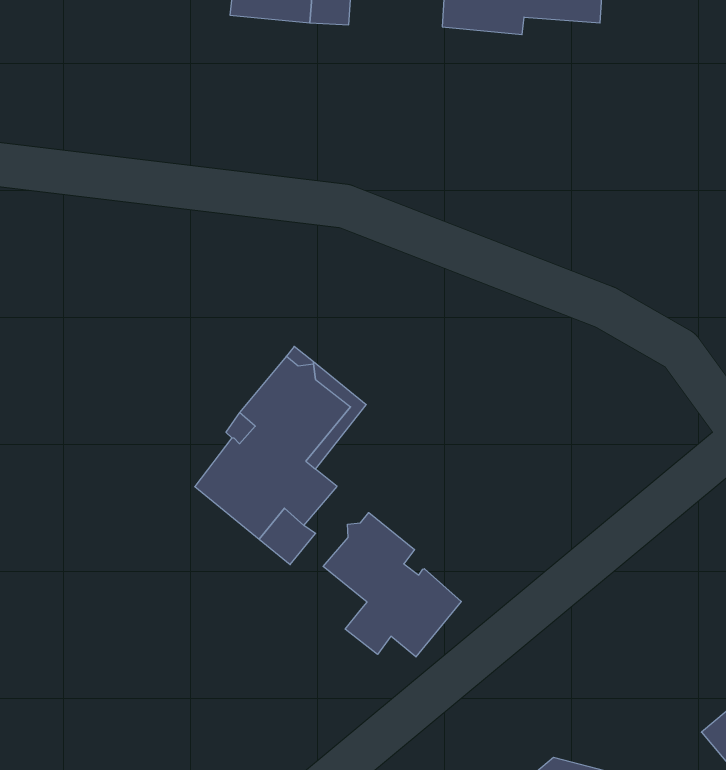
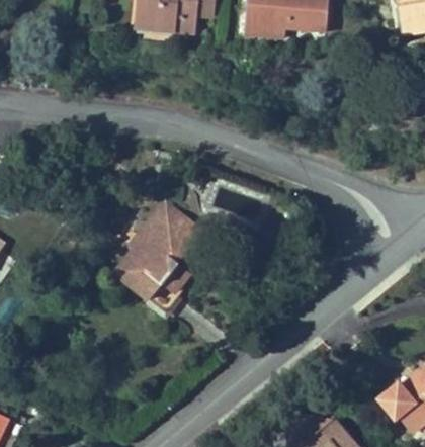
building: [323,513,461,657] -> none

